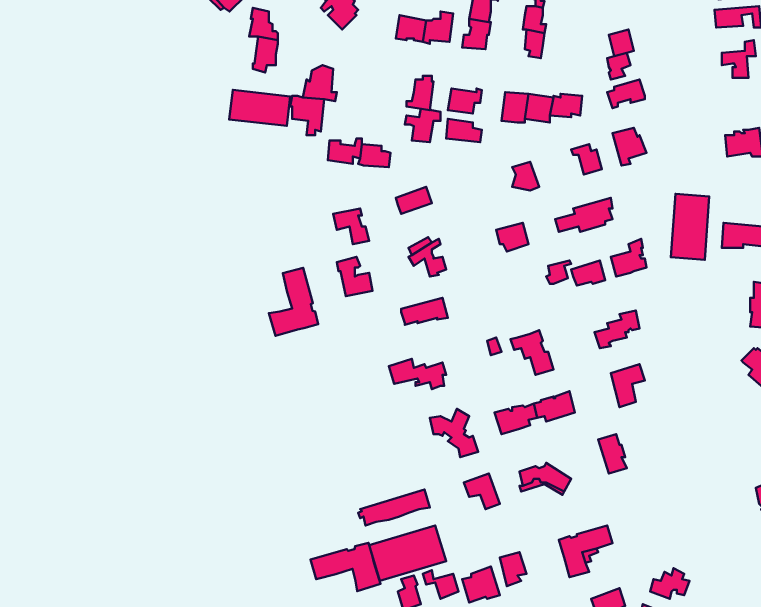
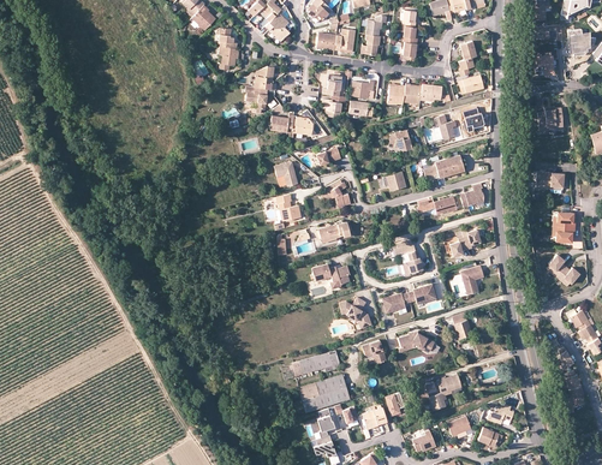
building: [229,90,290,126] -> none
building: [671,194,709,260] -> none
building: [269,268,318,336] -> none
building: [311,543,381,591] -> none

